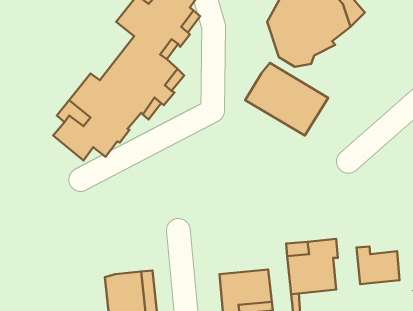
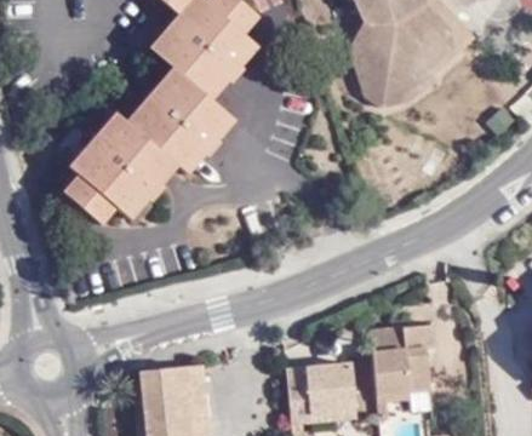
building: [245,63,328,135] -> none
building: [356,246,400,284] -> none

